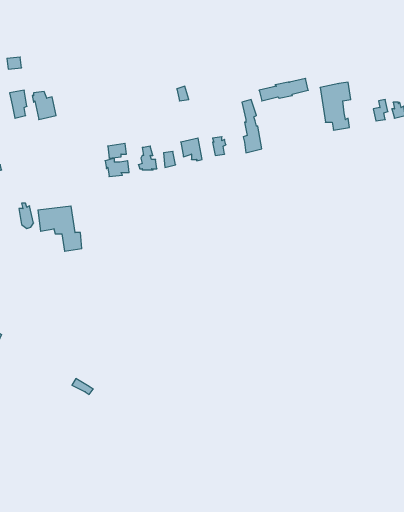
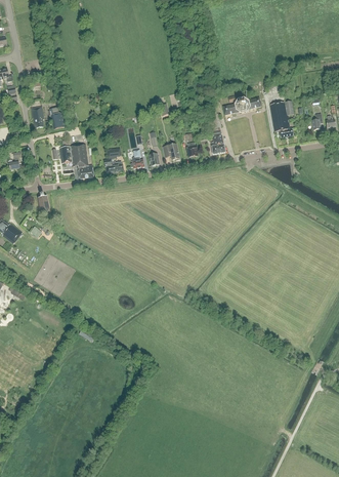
building: [38,206,82,251] -> [58,144,92,178]

